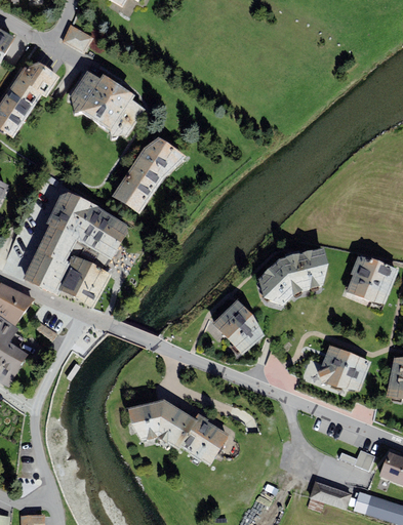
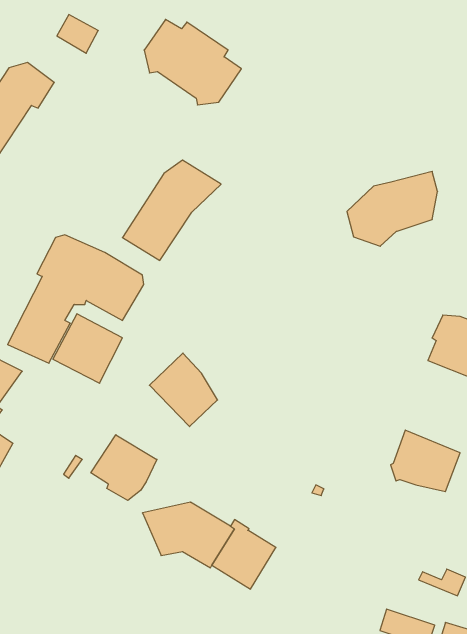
building: [70,71,145,136] -> [144,19,241,105]
building: [257,247,327,305] -> [347,171,438,246]
building: [211,298,264,355] -> [149,353,218,427]
building: none -> [91,435,157,500]

